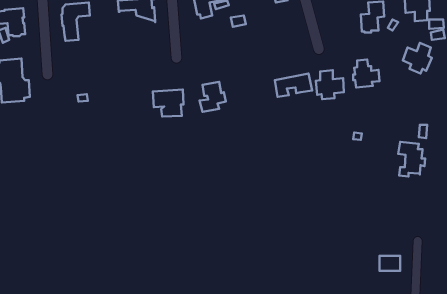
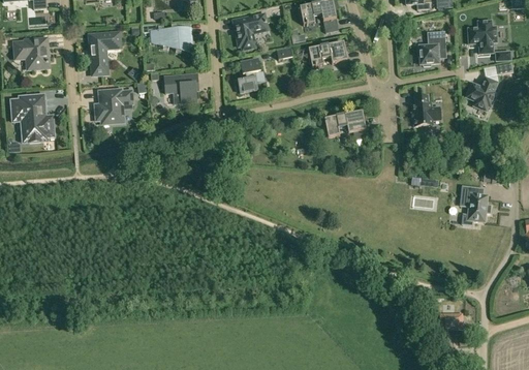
building: none -> [308,41,347,66]
building: none -> [95,89,133,123]
building: [316,70,344,99] -> none
building: [200,82,226,112] -> [237,59,266,92]
building: [153,90,184,117] -> [164,73,198,103]

